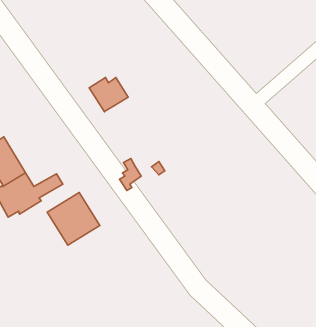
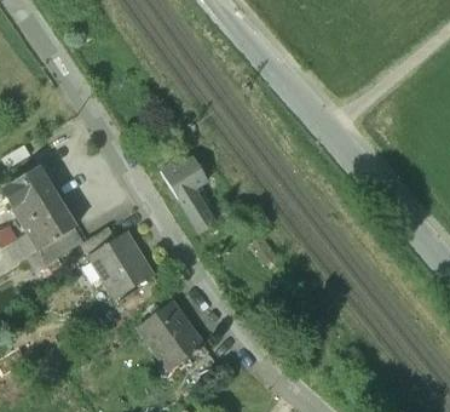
building: [89,78,128,112] -> [161,159,207,199]
building: none -> [139,302,204,370]

